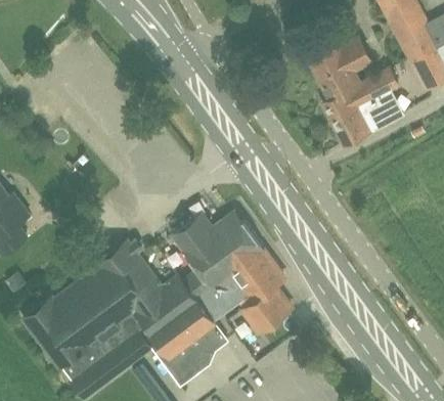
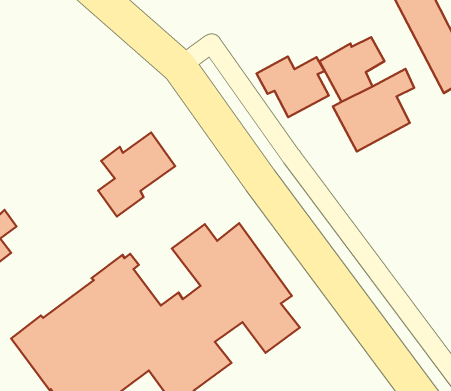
building: none -> [256,57,329,117]
building: none -> [98,133,175,216]

